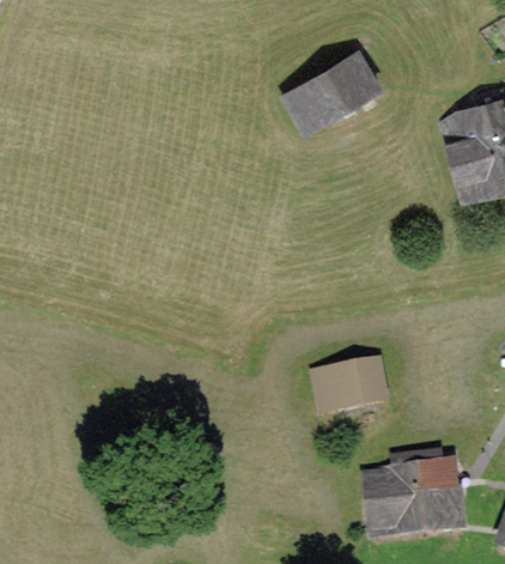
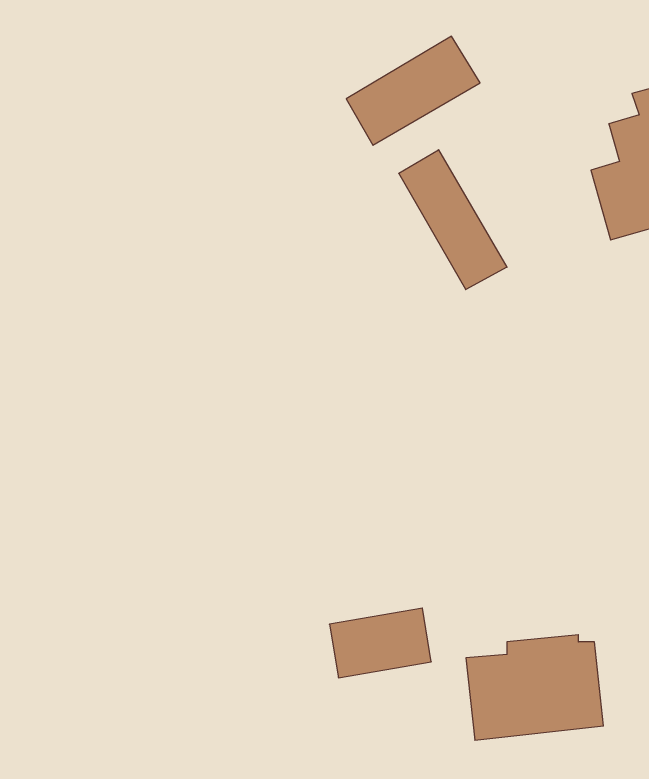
building: none -> [399,150,507,290]
building: [314,363,382,410] -> [329,608,431,678]

